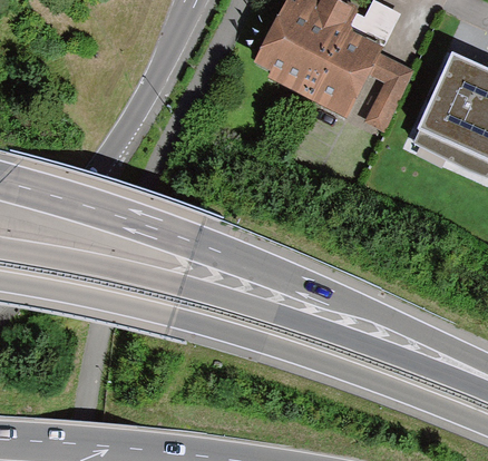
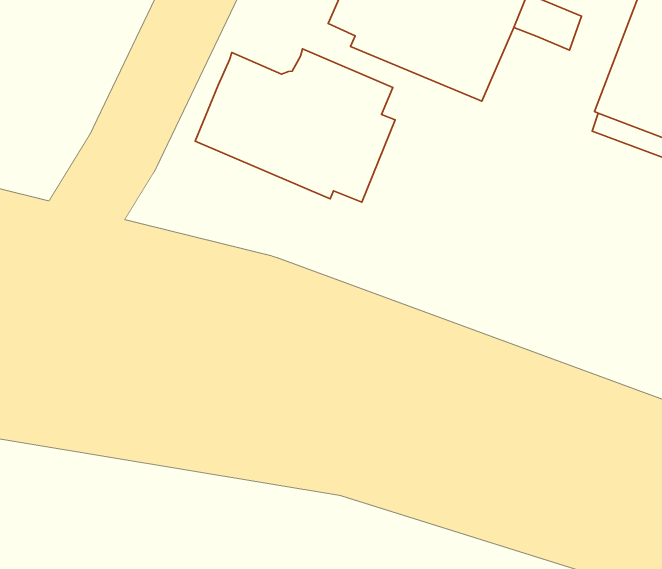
building: none -> [195,49,395,202]
building: [363,80,403,130] -> none

